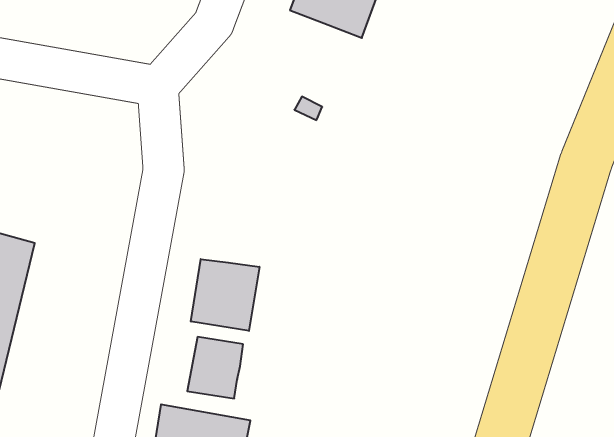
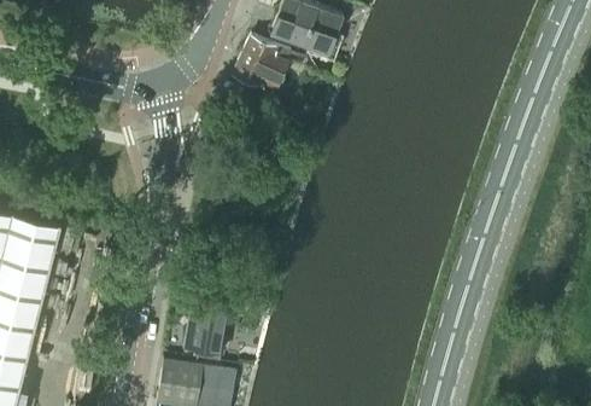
building: none -> [233,33,305,91]
building: [191,259,259,331] -> none

